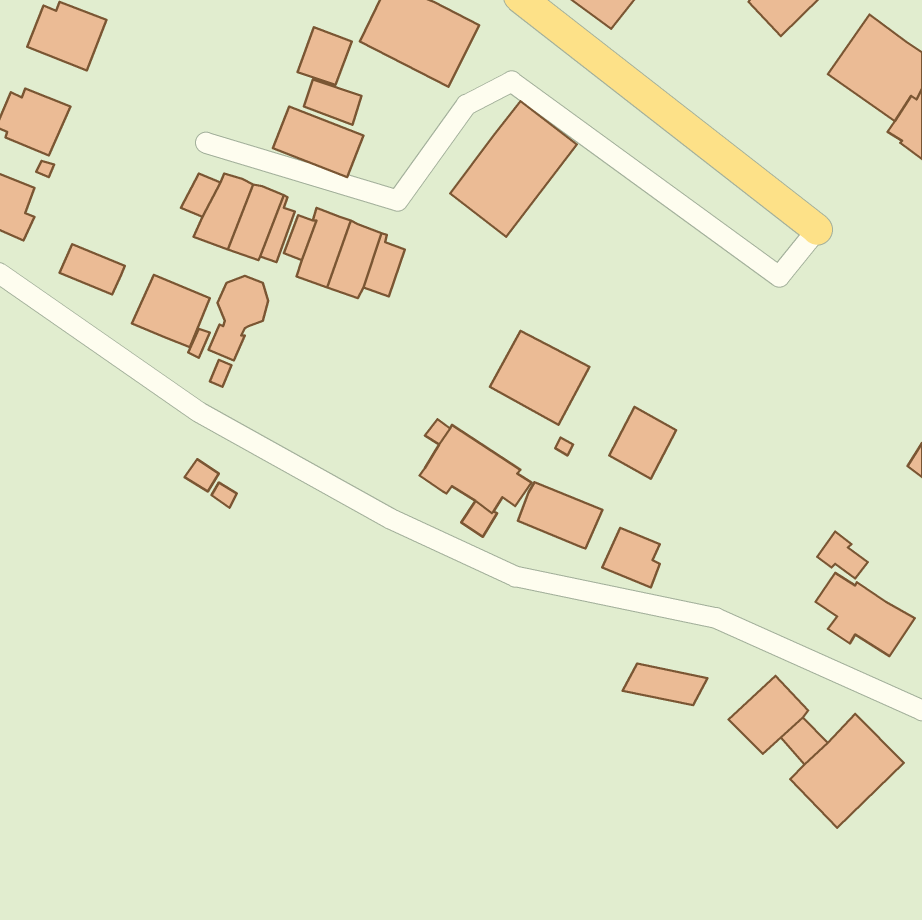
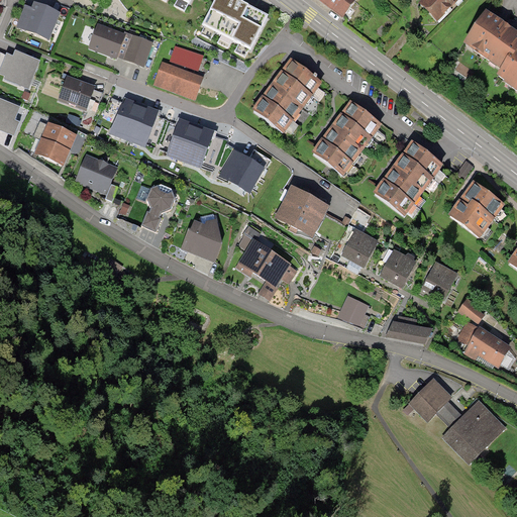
building: [297,27,352,85] -> [122,33,152,66]
building: none -> [88,22,125,58]
building: none -> [57,74,95,111]
building: none -> [311,100,382,175]
building: none -> [40,121,77,148]
building: none -> [372,139,443,215]
building: none -> [218,148,264,192]
building: [209,276,268,361] -> [140,183,174,230]
building: none -> [447,180,504,237]
building: none -> [180,218,221,262]
building: none -> [379,248,416,288]
building: none -> [420,261,457,300]
building: [518,482,602,548] -> none
building: [623,664,708,705] -> [385,320,432,343]

